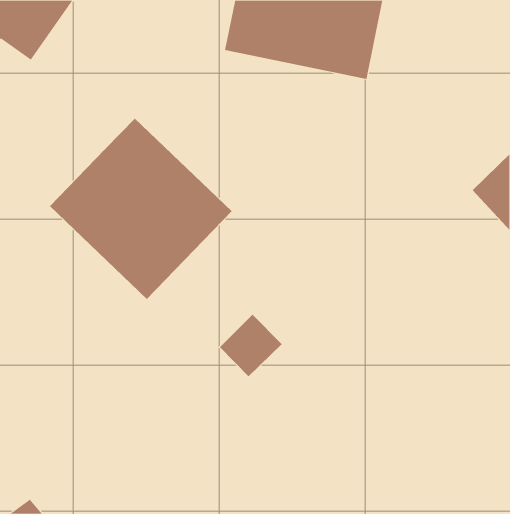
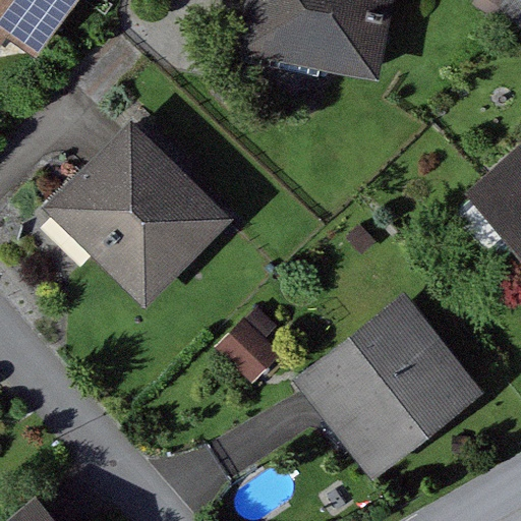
building: none -> [290,297,478,482]

